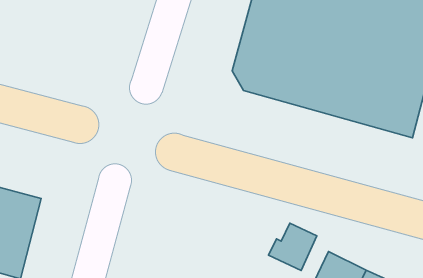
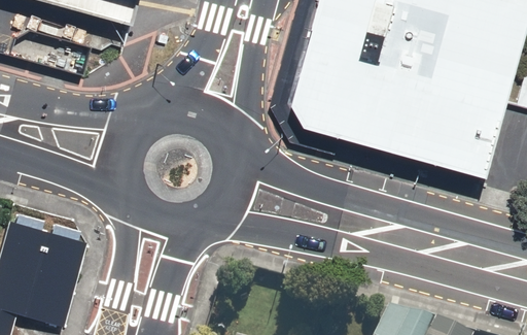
building: [269,223,317,271] -> none

